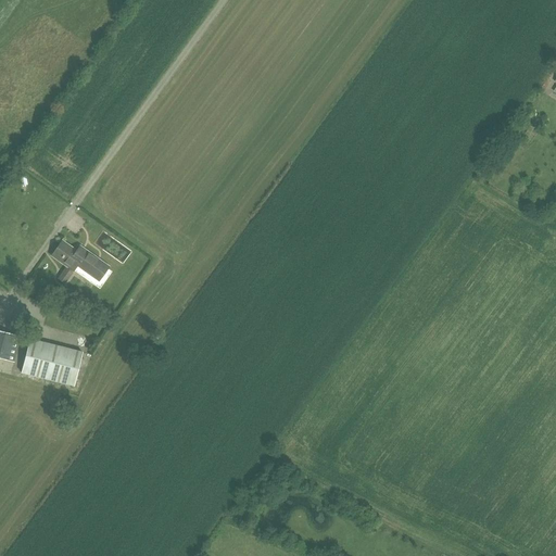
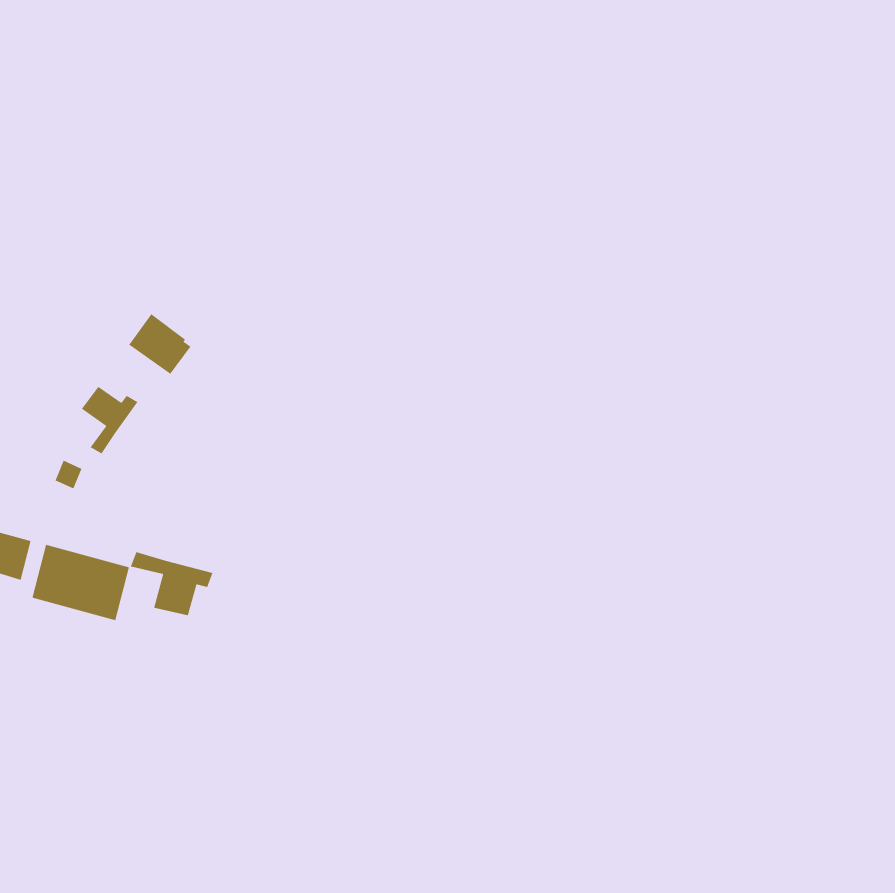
building: [72,249,111,287] -> [128,313,191,375]
building: none -> [130,551,214,616]

